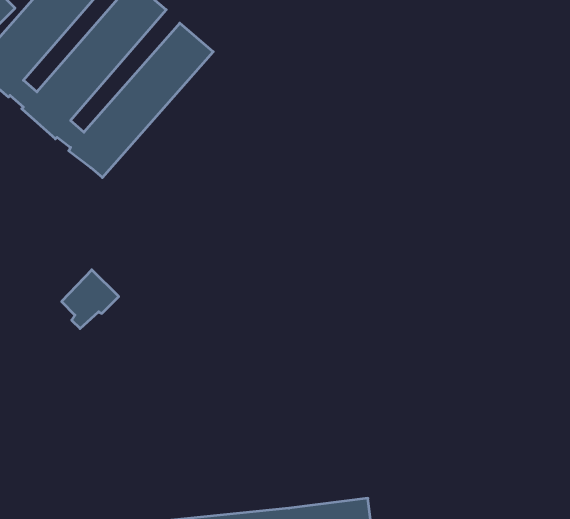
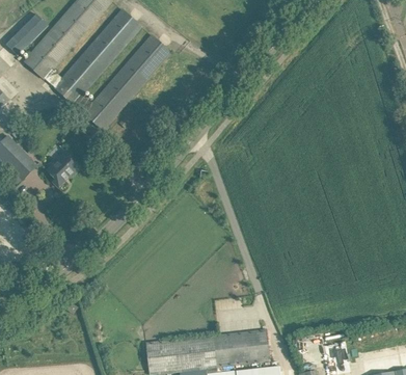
building: [62,270,119,329] -> [46,151,81,187]

